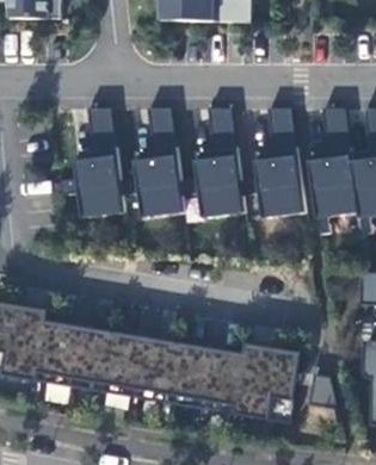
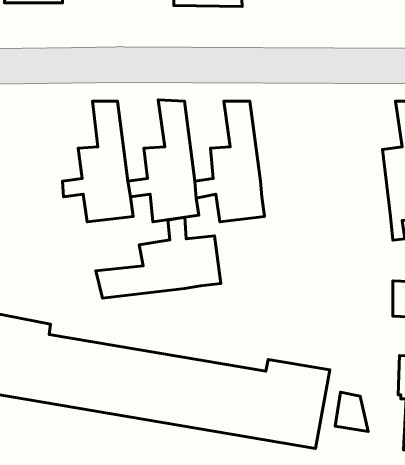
building: [241,108,306,218] -> none
building: [309,108,359,235] -> none
building: none -> [96,217,221,298]

